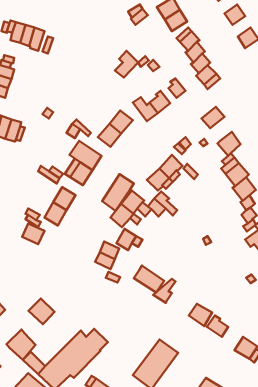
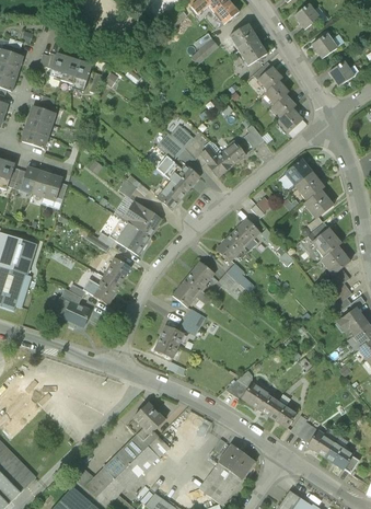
building: [115,51,138,77] -> [164,124,193,157]
building: none -> [294,171,324,200]
building: [102,174,134,211] -> none
building: [134,266,164,292] -> [241,382,278,415]
building: [29,298,54,324] -> [131,403,163,435]
building: none -> [306,429,335,458]
building: [6,329,36,360] -> none

